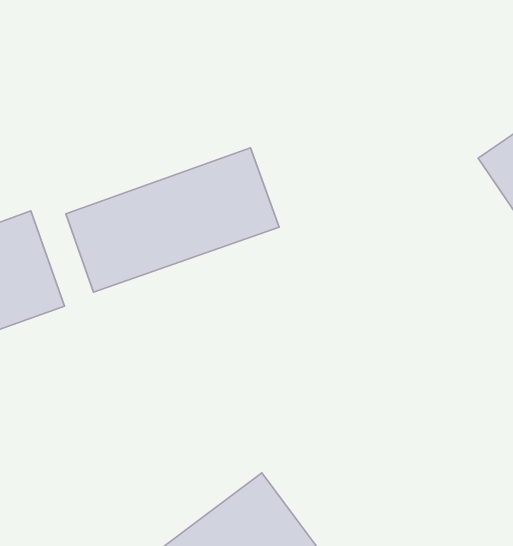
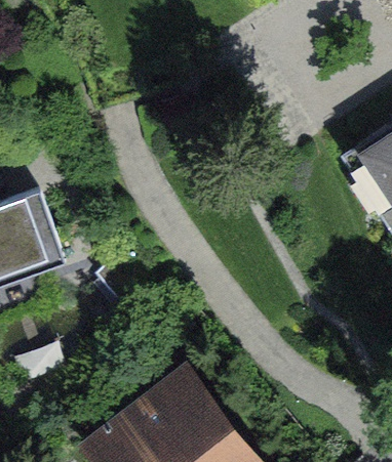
building: [66,148,279,292] -> none

